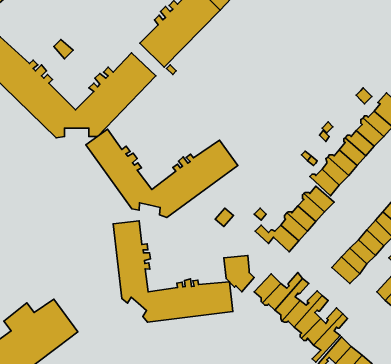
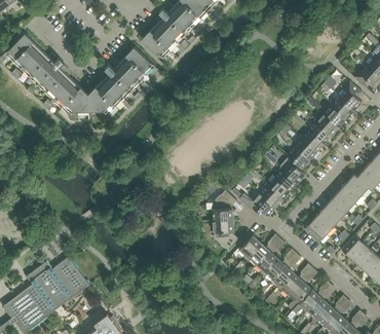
building: [86,129,238,218] -> none
building: none -> [205,189,236,221]
building: [113,221,233,322] -> none

